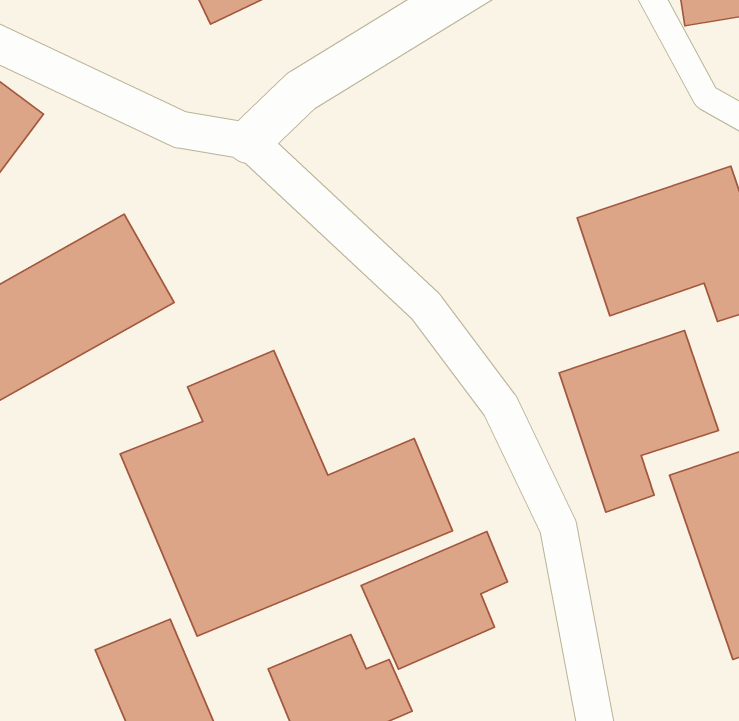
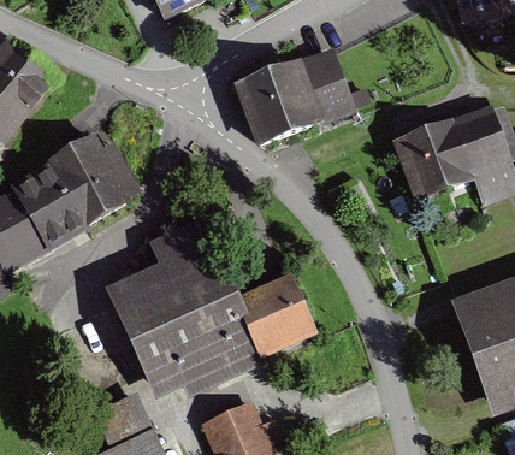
building: none -> [235,48,355,144]
building: [559,331,719,512] -> none
building: [361,532,507,669] -> none

